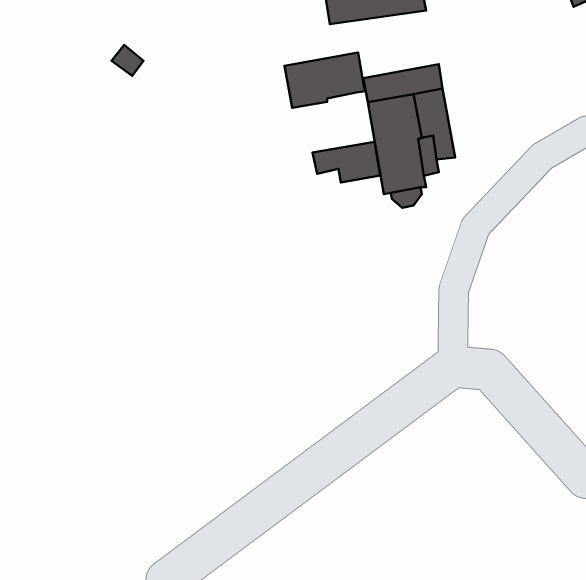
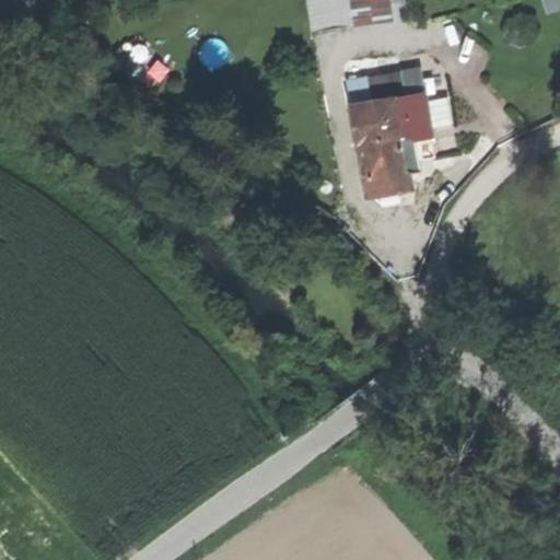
building: [285,52,366,108] -> none
building: [312,142,380,182] -> none

